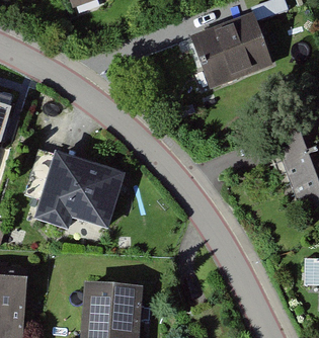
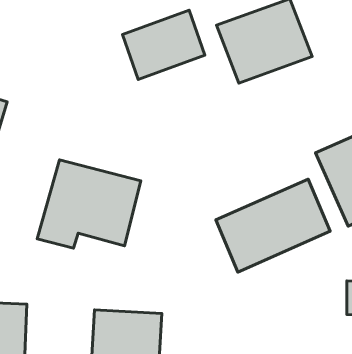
building: none -> [122,10,205,79]
building: none -> [216,179,330,272]

